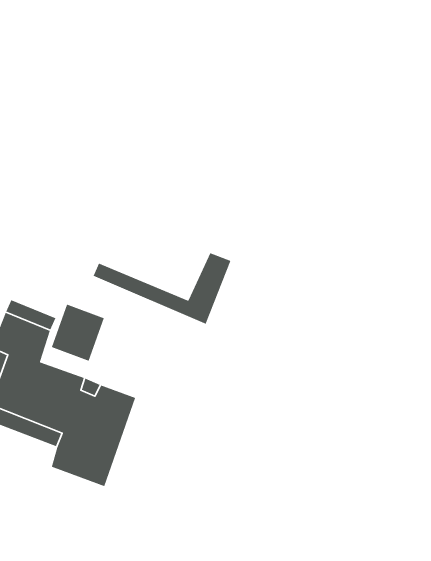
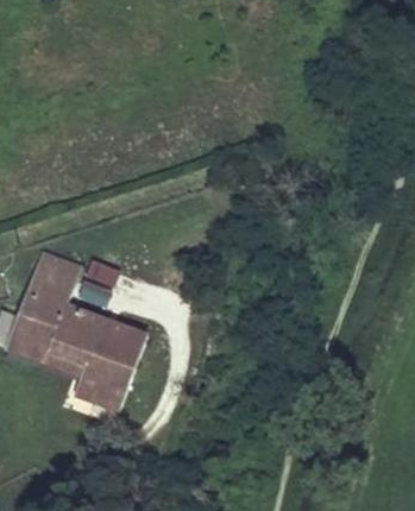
building: [92,252,231,325] -> none

